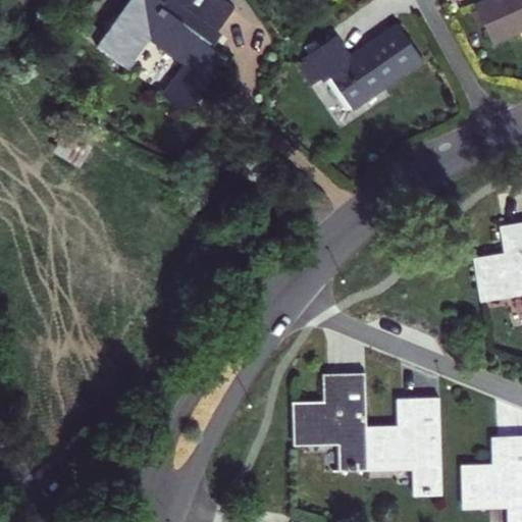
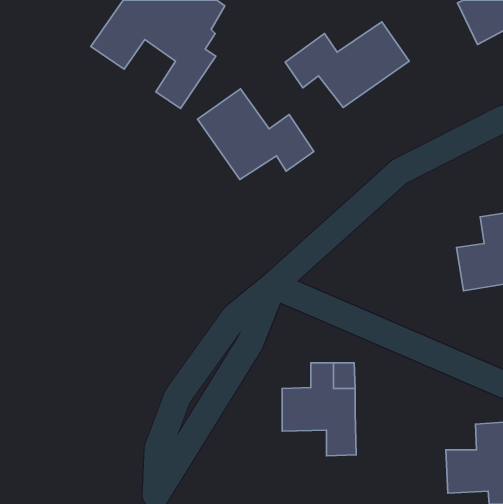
building: none -> [198,89,314,179]
building: [368,396,440,497] -> none

